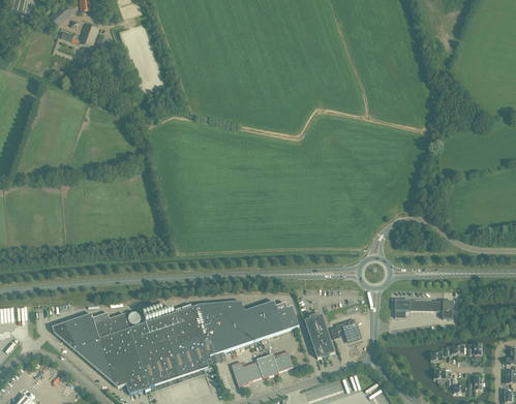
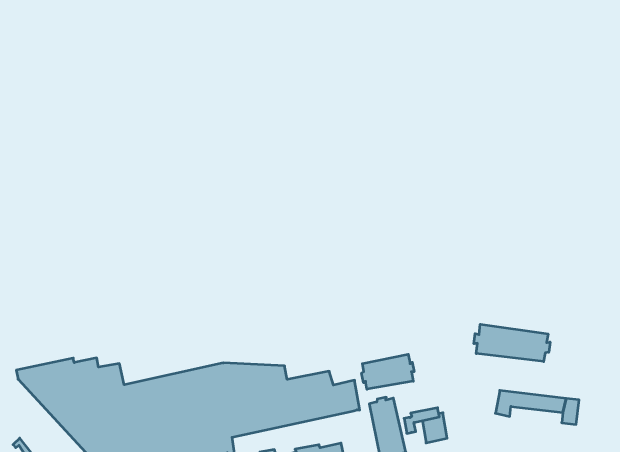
building: none -> [474,324,550,362]
building: none -> [362,354,414,389]

